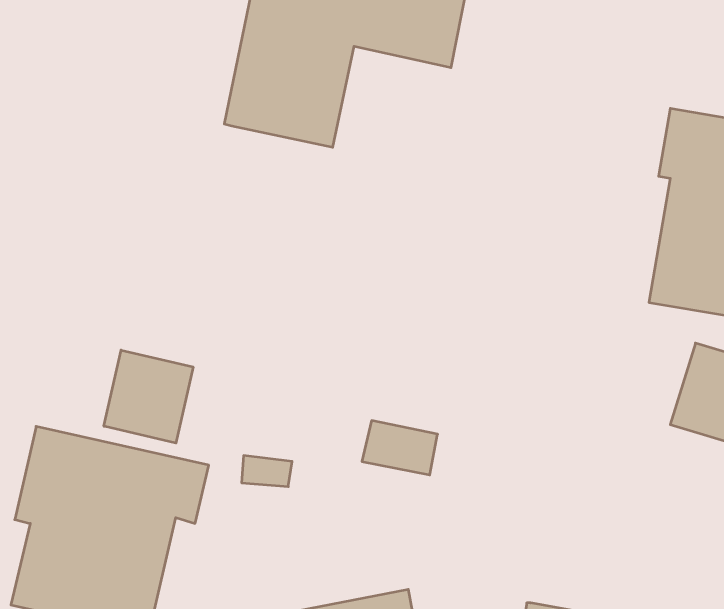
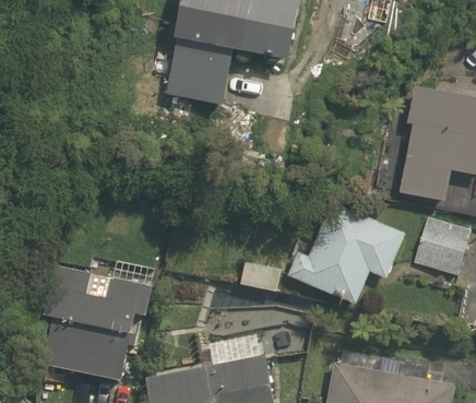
building: none -> [286,201,406,305]
building: [104,350,193,443] -> none

